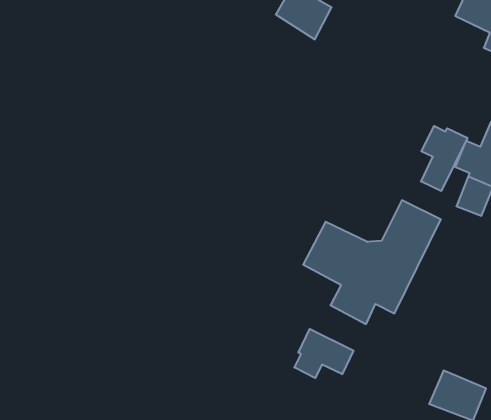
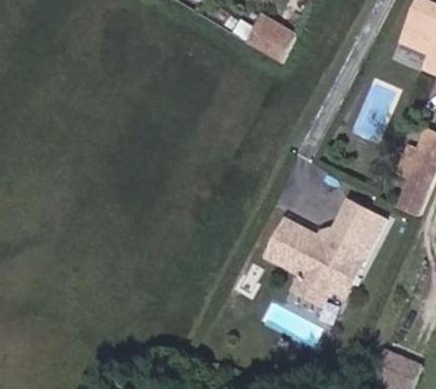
building: [421,126,467,191] -> none
building: [294,329,353,378] -> none

